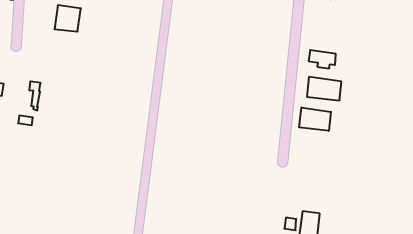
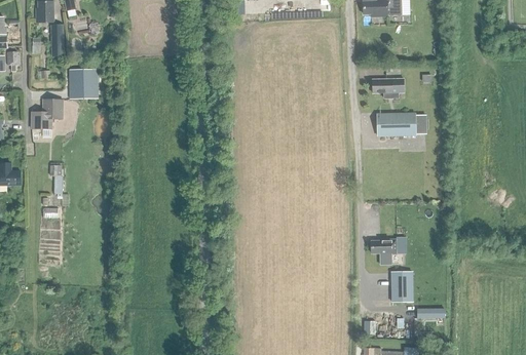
building: none -> [31,101,63,130]
building: [299,107,331,131] -> none
building: none -> [370,238,397,253]

